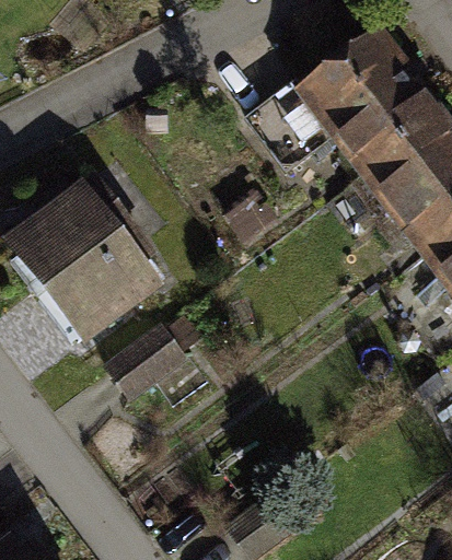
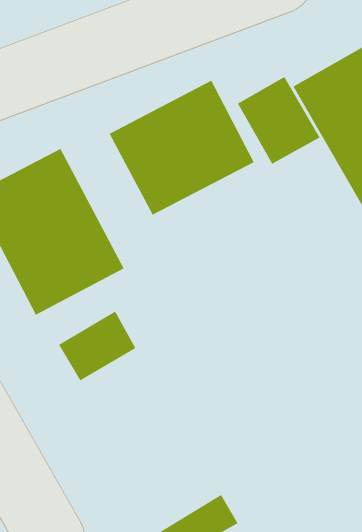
building: none -> [109,80,255,215]

